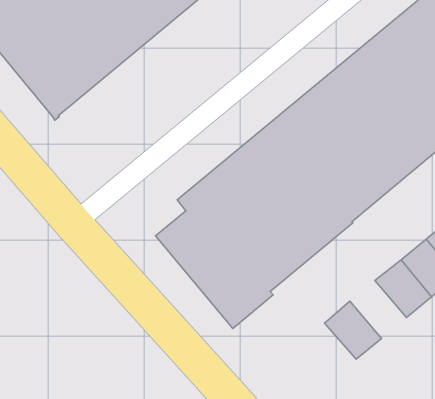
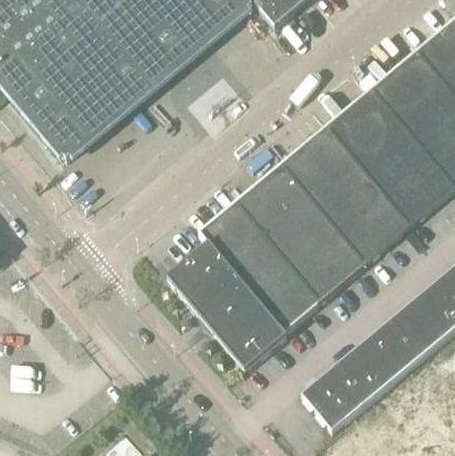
building: none -> [363,321,420,379]
building: none -> [301,364,369,432]

